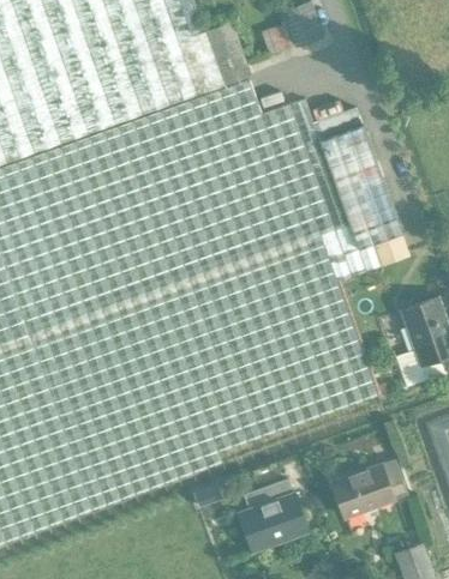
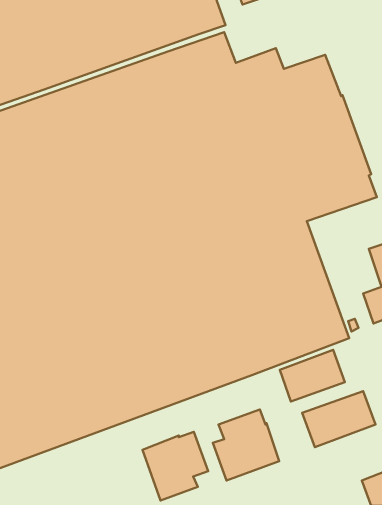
building: none -> [280,350,345,401]
building: none -> [142,432,208,500]

